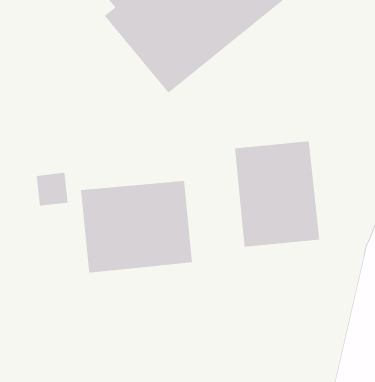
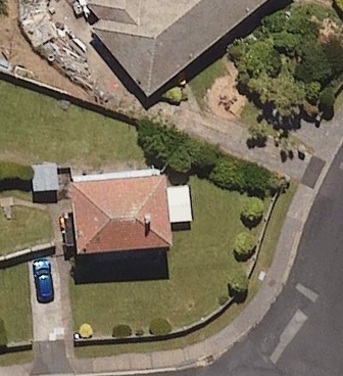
building: [234,140,320,248] -> none

